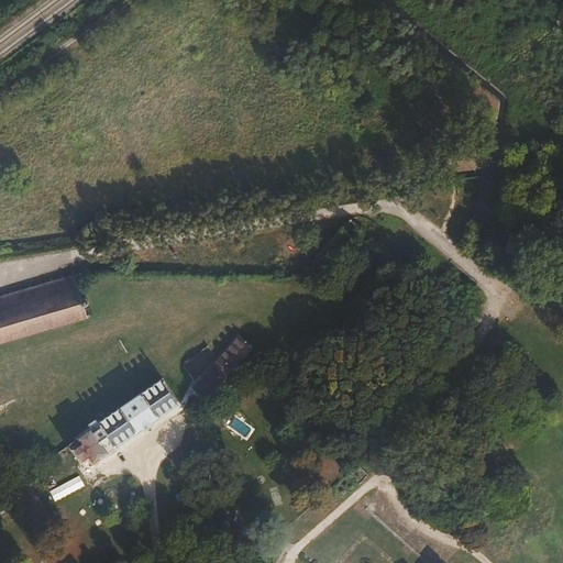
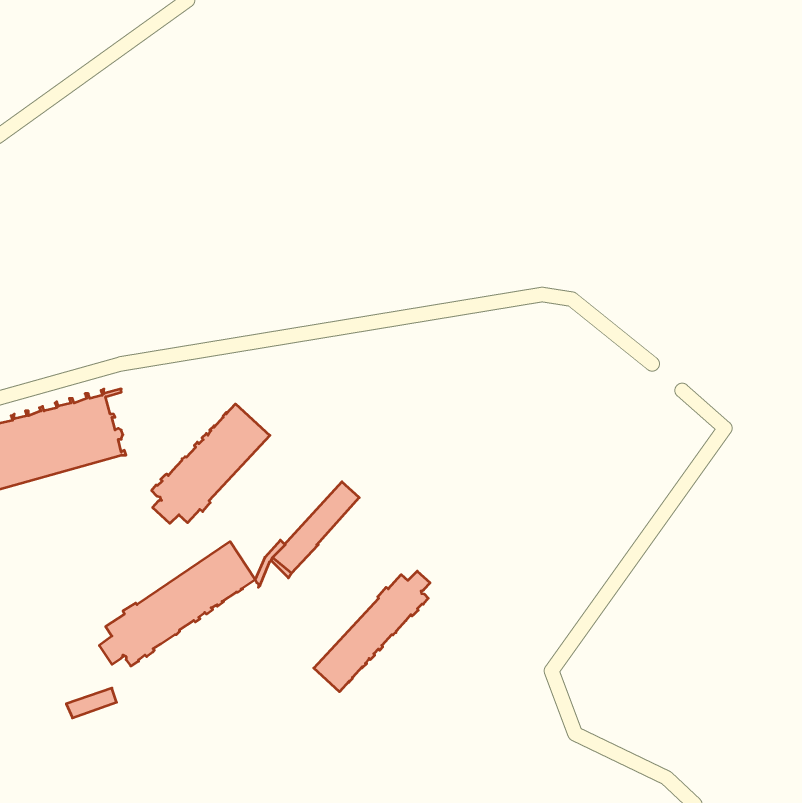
building: none -> [152,404,270,523]
building: none -> [314,571,430,692]

